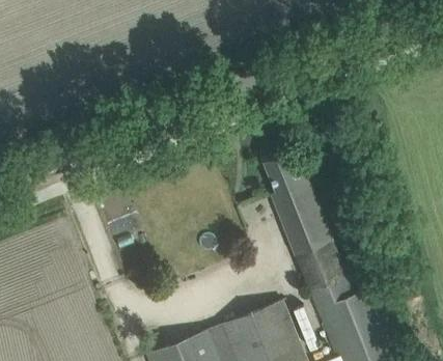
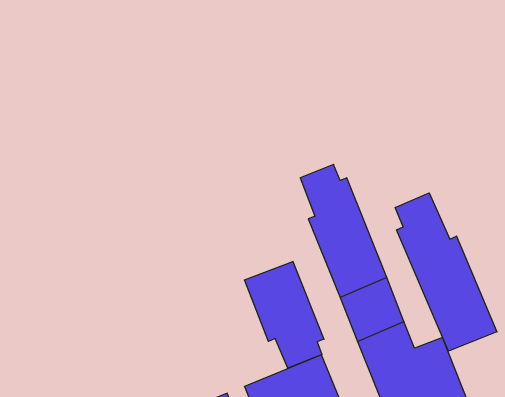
building: none -> [395,193,497,351]
building: none -> [244,261,324,368]

